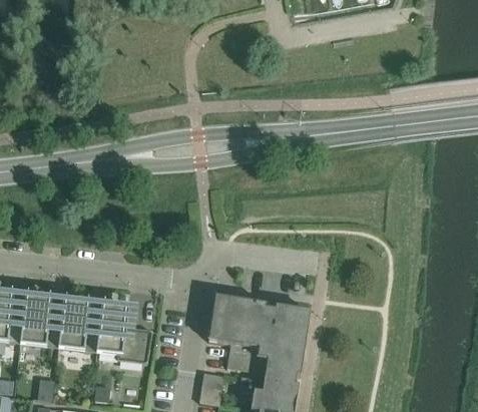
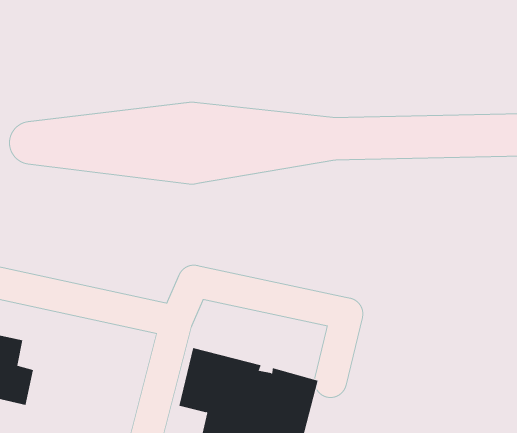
building: [97,304,152,361] -> none

